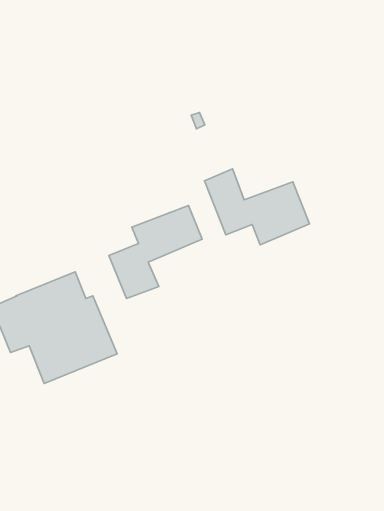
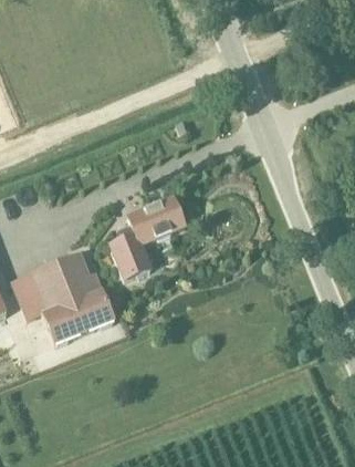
building: [204,169,310,245] -> none

